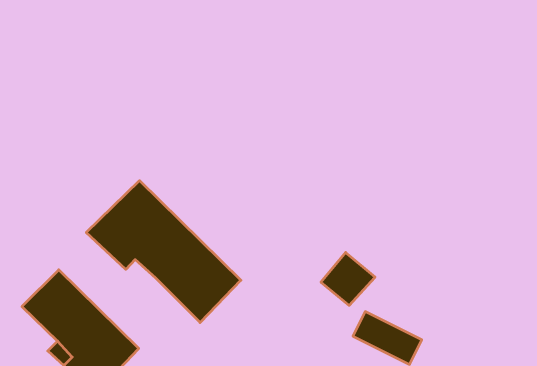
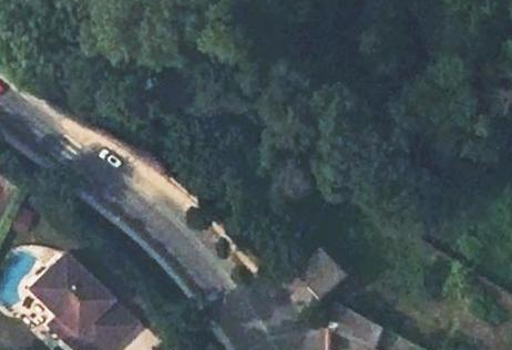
building: [86,181,241,323] -> none

